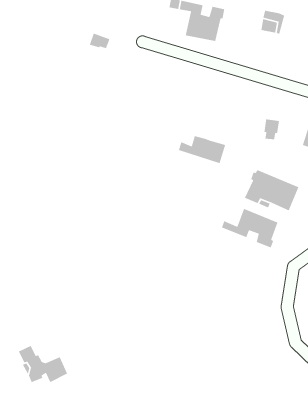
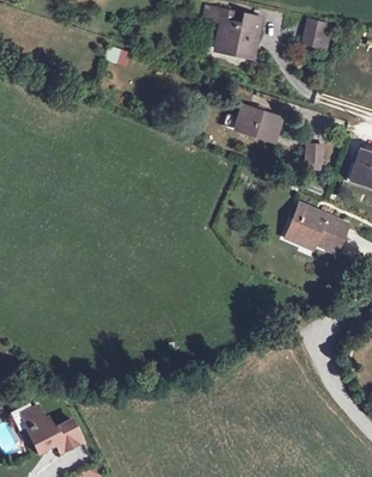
building: [178,135,226,164] -> [224,106,280,140]
building: [221,208,279,248] -> none

